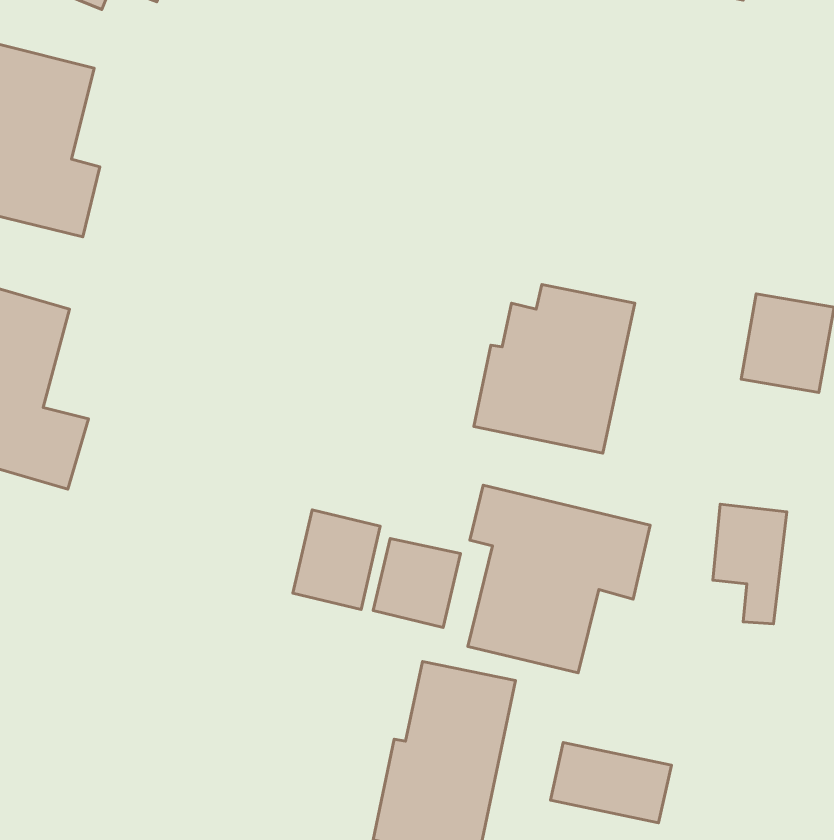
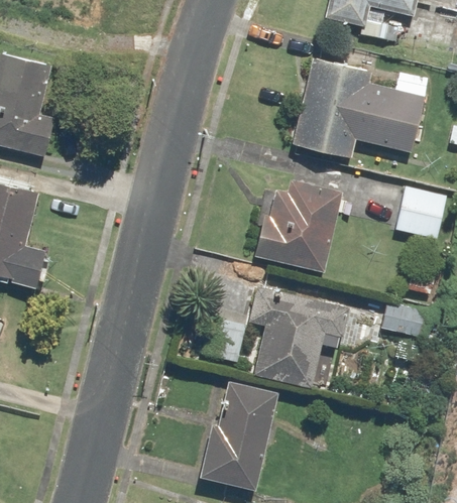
building: none -> [293,57,424,157]
building: [293,510,380,609] -> none
building: [551,743,671,823] -> none

